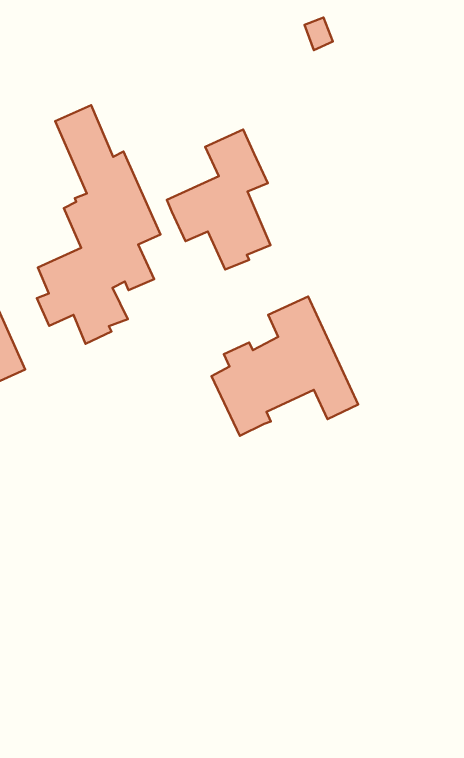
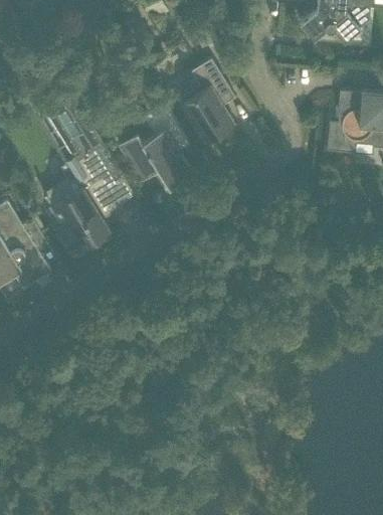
building: none -> [179,58,234,139]
building: [212,296,358,436] -> none

